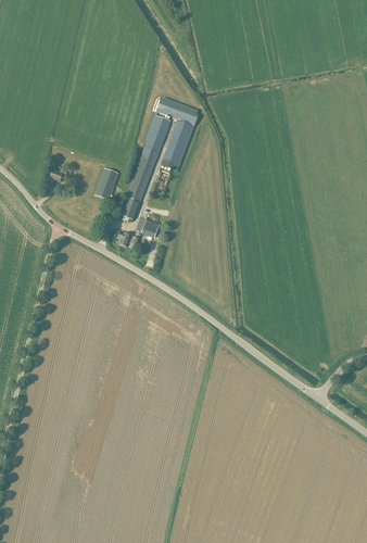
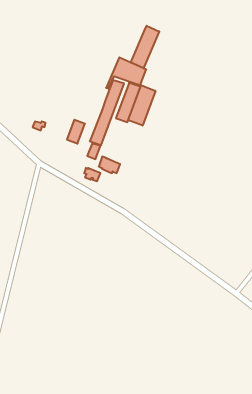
building: none -> [131,26,159,68]
building: none -> [128,85,155,126]

